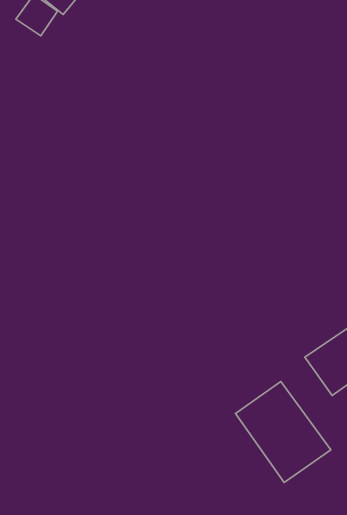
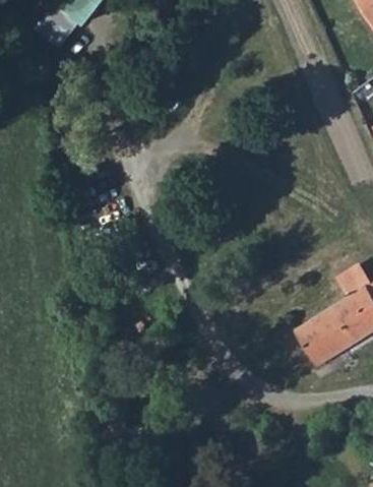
building: [236,382,331,483] -> none

